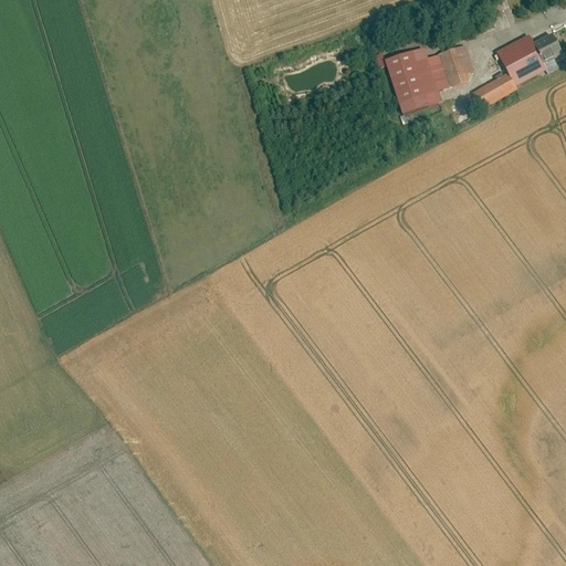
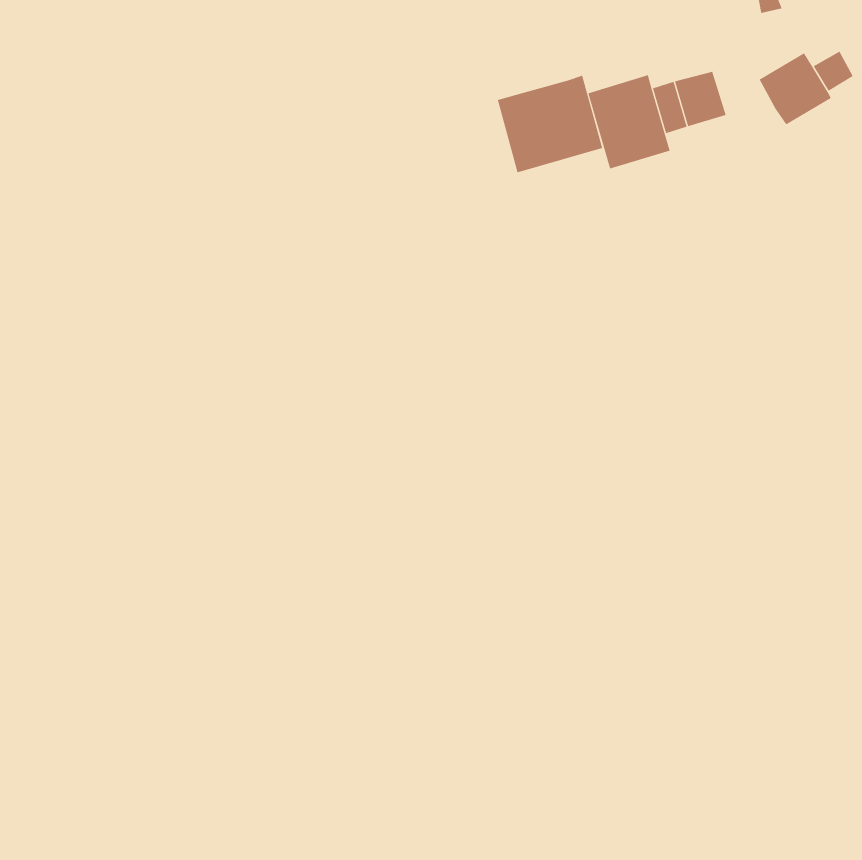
building: none -> [497,75,603,173]
building: [475,72,517,105] -> none

